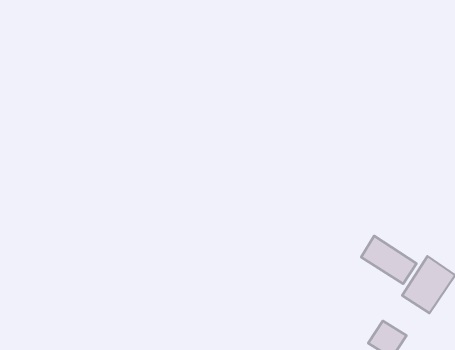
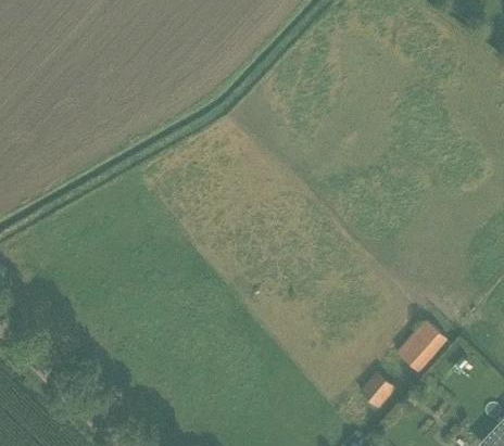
building: [361,236,417,284] -> none

